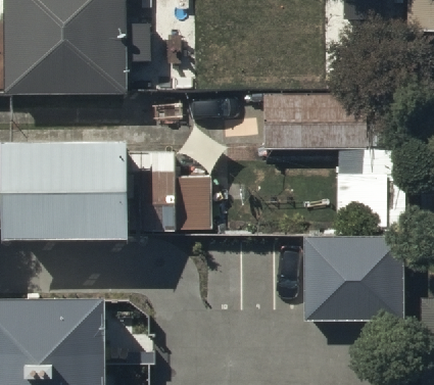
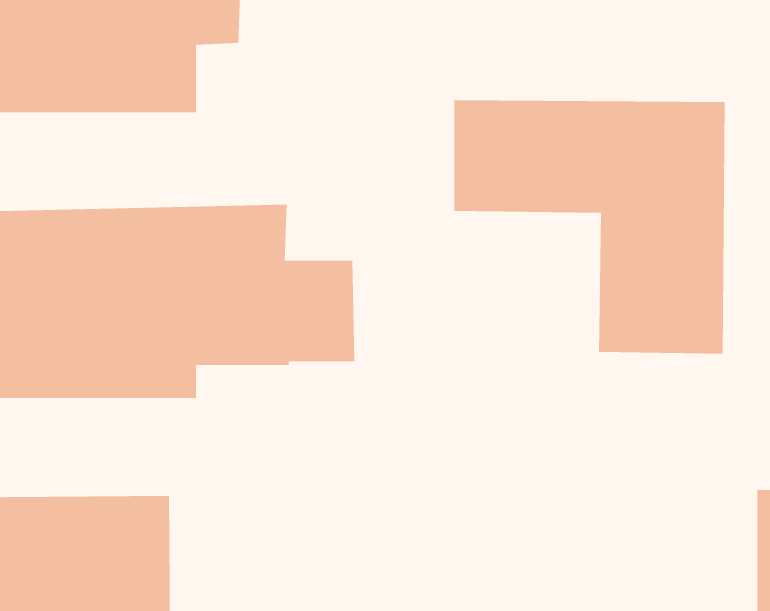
building: [303,235,399,315] -> none

